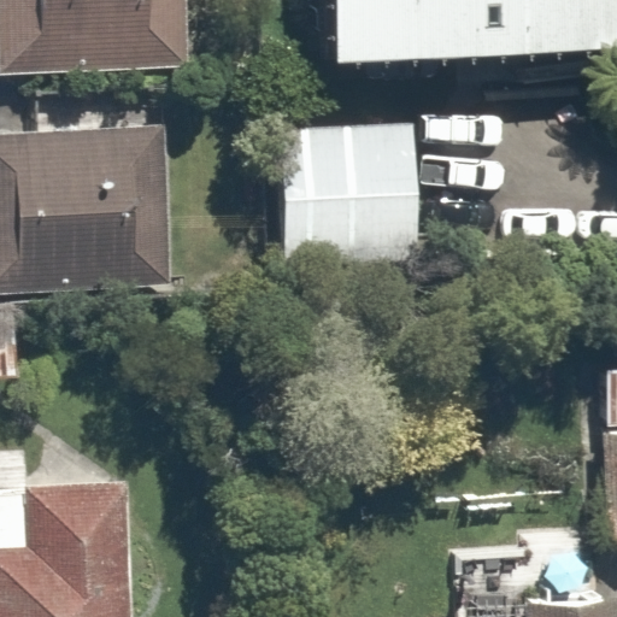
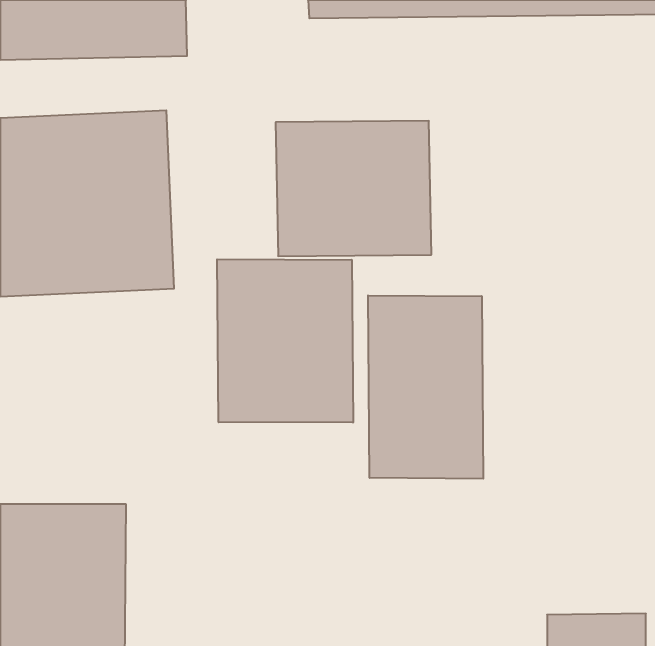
building: none -> [217,259,353,423]
building: none -> [368,295,483,479]

